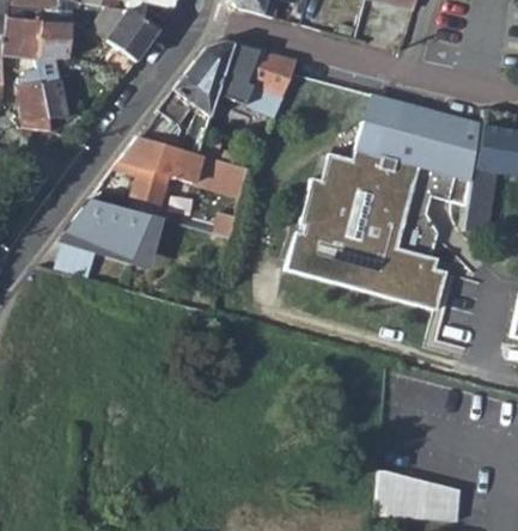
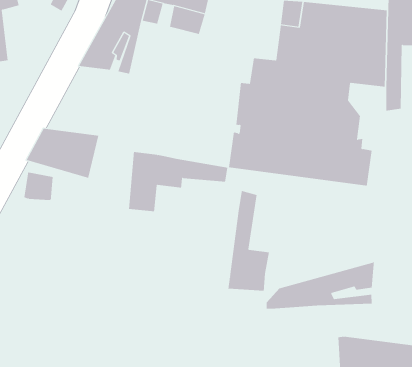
building: [132,138,248,207] -> [128,151,228,212]
building: none -> [228,190,269,292]
building: none -> [266,262,374,310]

